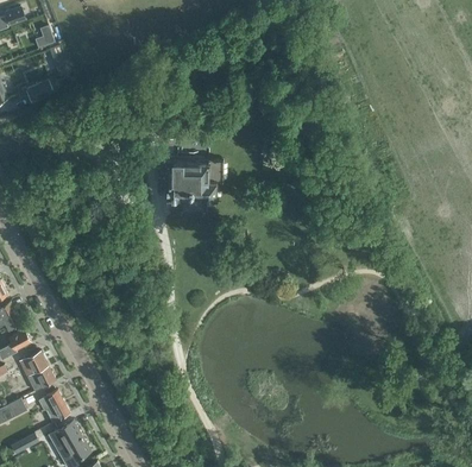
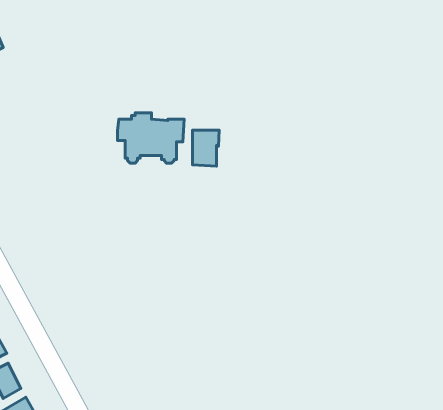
building: none -> [192,130,219,166]

